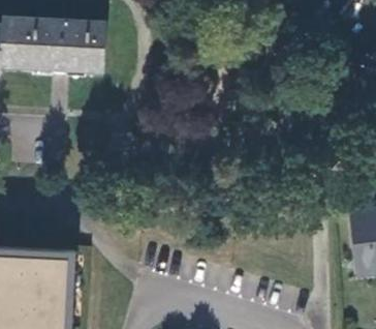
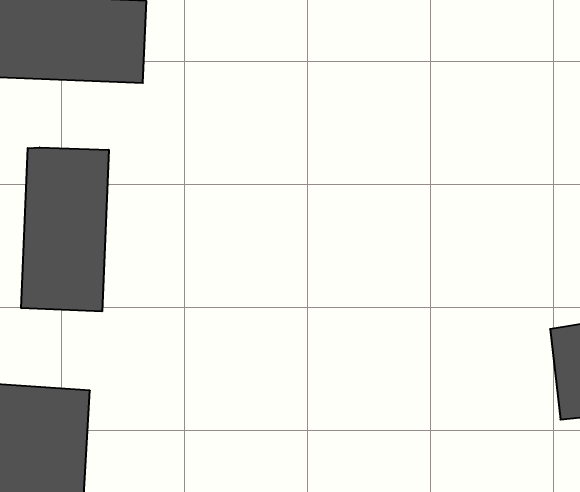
building: none -> [21,147,109,311]

